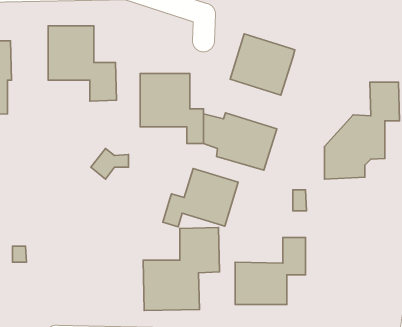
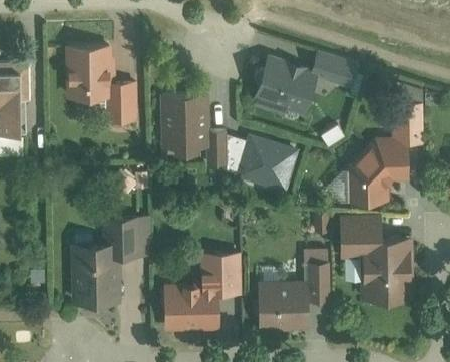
building: none -> [311,52,359,90]
building: [163,168,238,227] -> none
building: none -> [72,215,150,305]
building: none -> [338,217,411,301]

